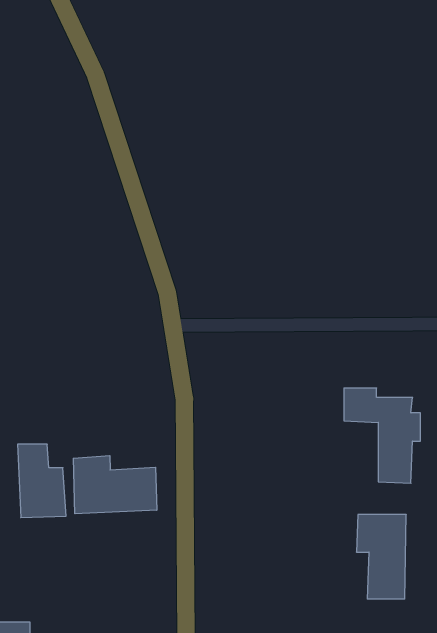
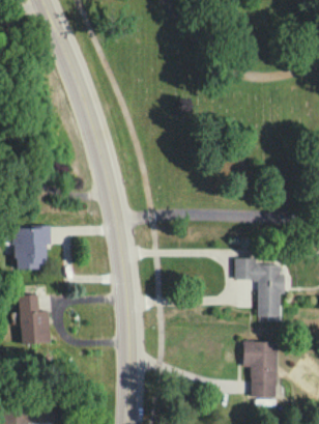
building: none -> [12,227,51,268]
building: [73,456,157,514] -> none

